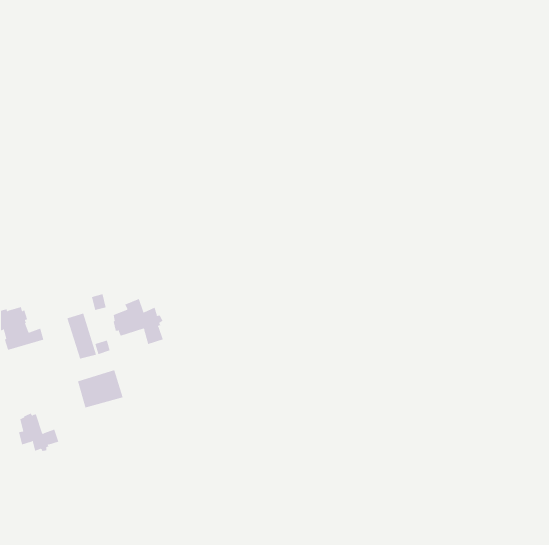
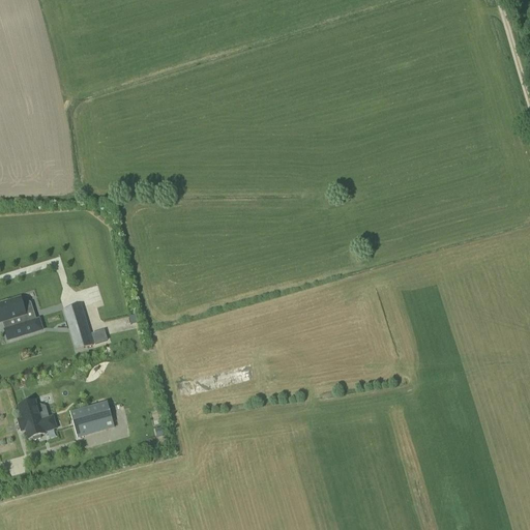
building: [113,298,163,345] -> none
building: [77,369,123,408] -> [70,399,115,436]

